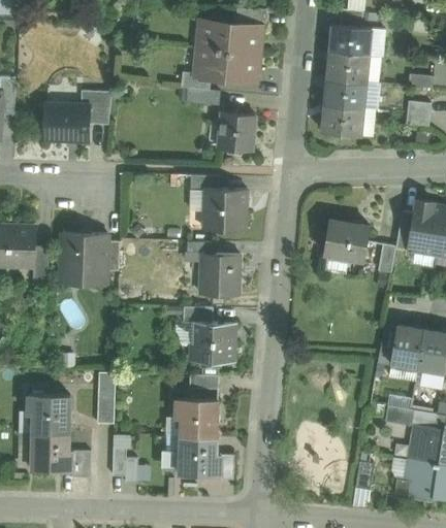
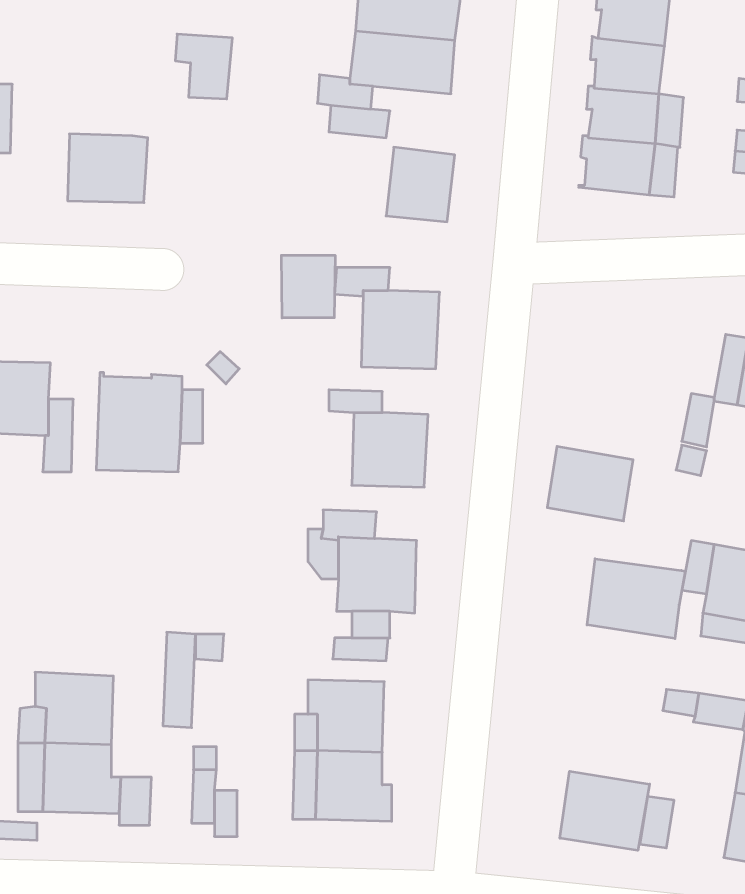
building: [81,91,112,126] -> [175,34,232,99]
building: none -> [281,255,335,318]
building: [323,221,370,261] -> [547,446,633,521]
building: none -> [587,559,685,639]
building: none -> [560,771,650,850]

